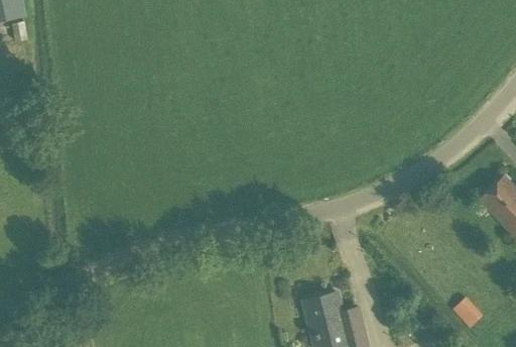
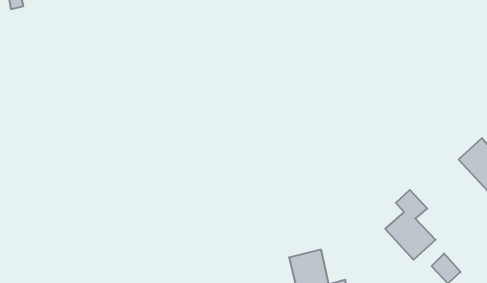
building: none -> [385,190,436,260]

